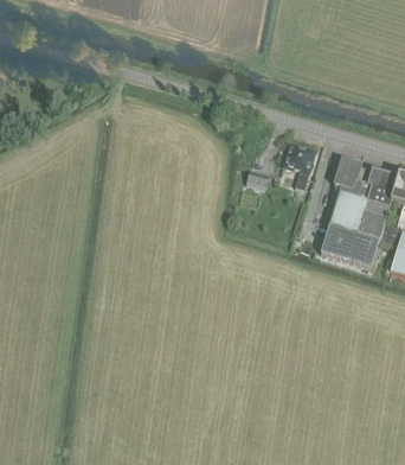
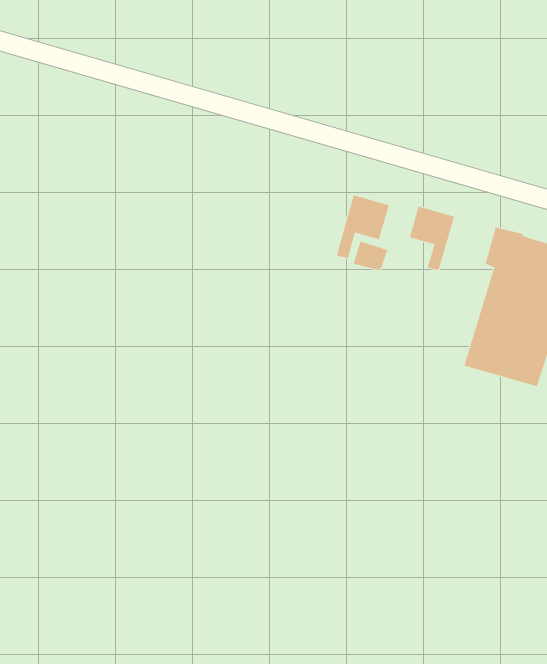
building: none -> [336,195,390,259]

